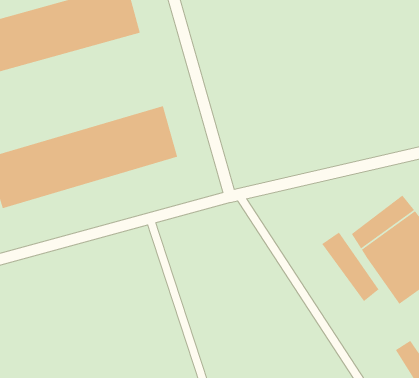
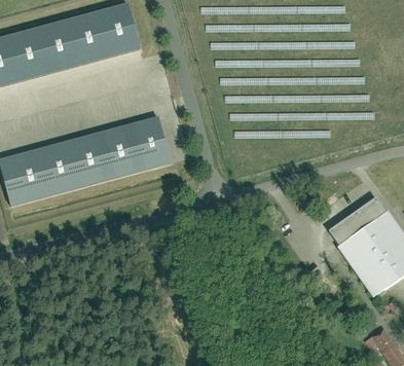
building: [321,232,380,302] -> none

